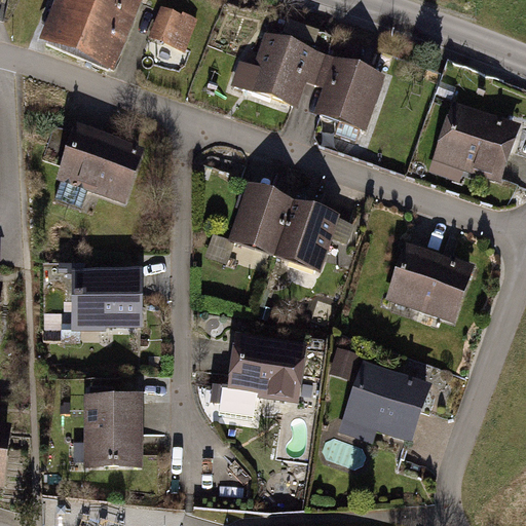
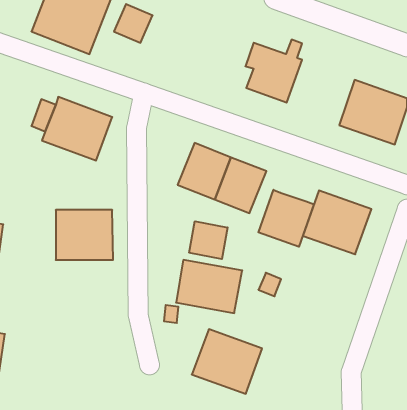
building: [245,20,323,106] -> none
building: none -> [258,190,314,247]
building: none -> [189,221,228,259]
building: [343,359,433,441] -> [192,329,262,394]
building: [82,392,143,467] -> none

